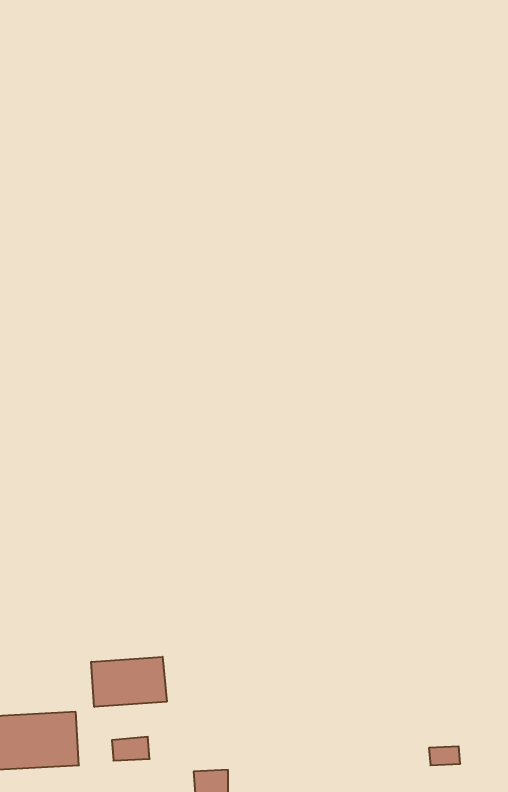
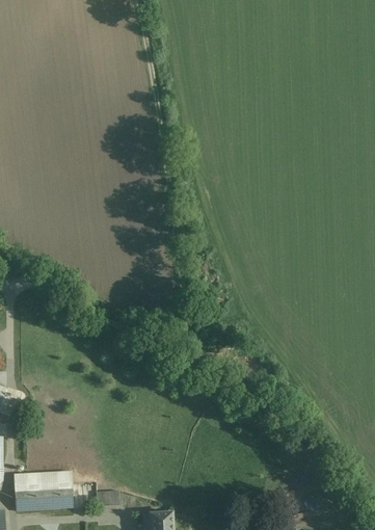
building: [91,657,167,707] -> none

